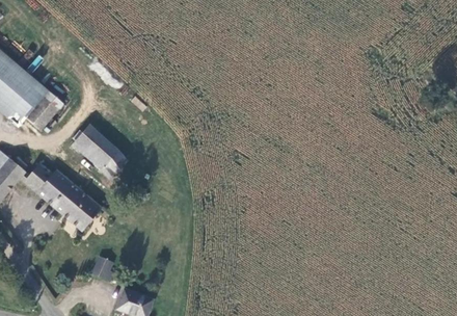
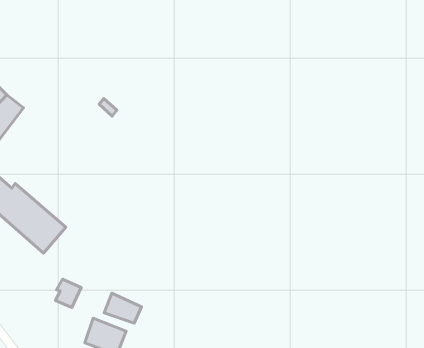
building: [71,125,129,180] -> none
building: none -> [104,293,142,323]

